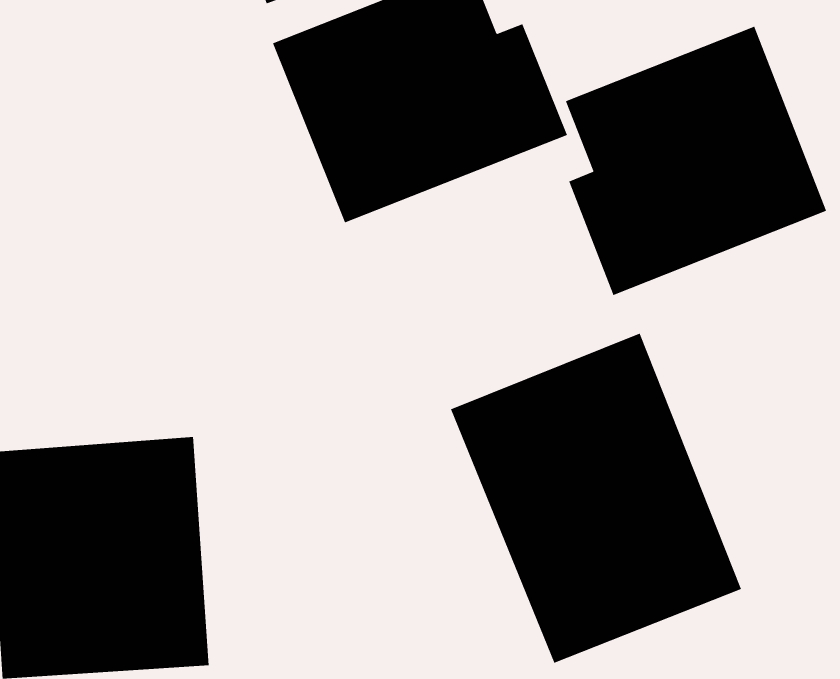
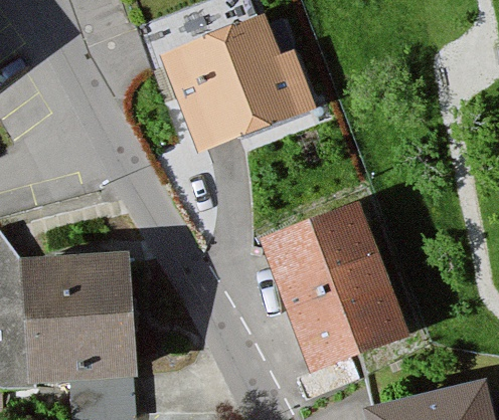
building: [565,26,827,296] -> none

